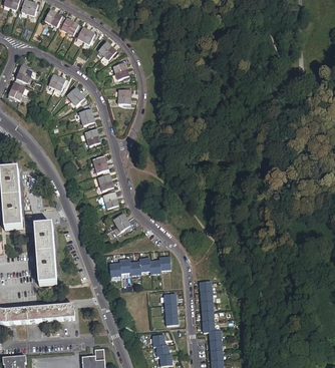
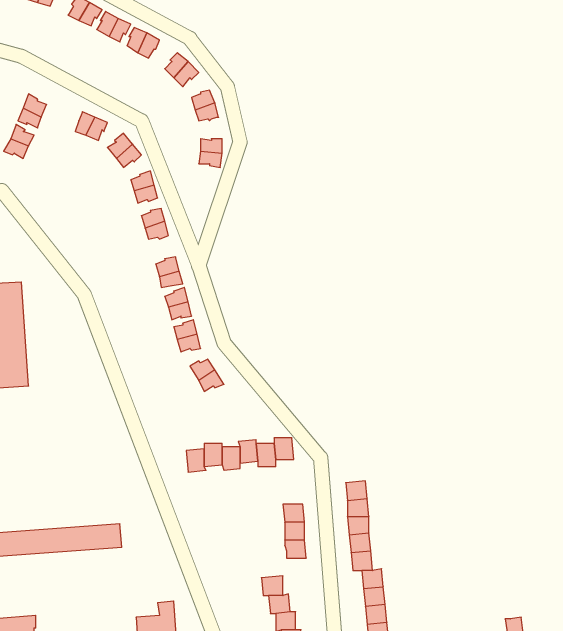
building: [34,225,55,284] -> none

